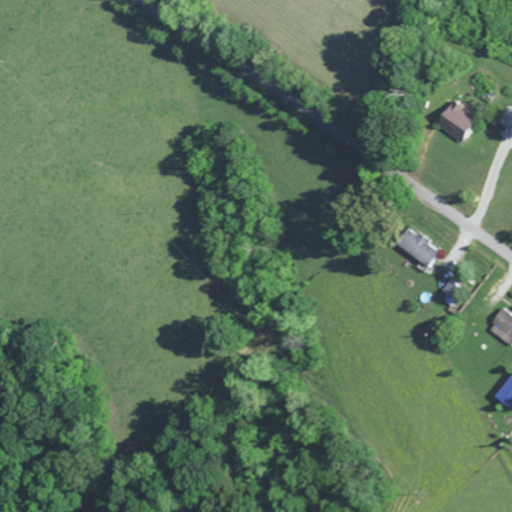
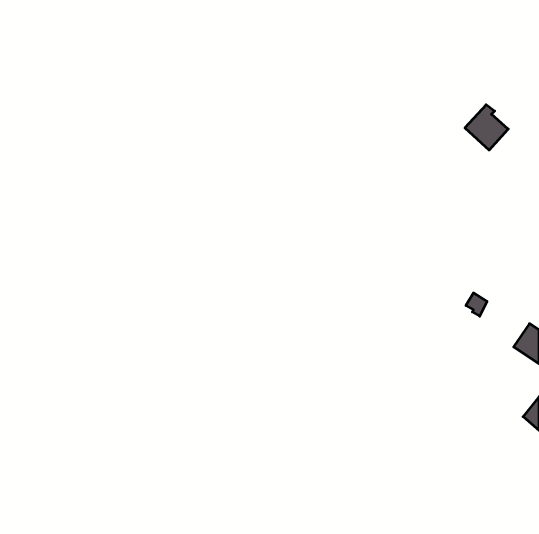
building: [397,228,439,265] -> none

